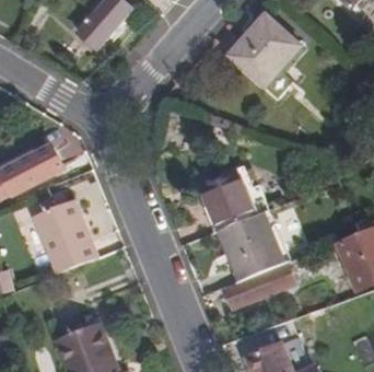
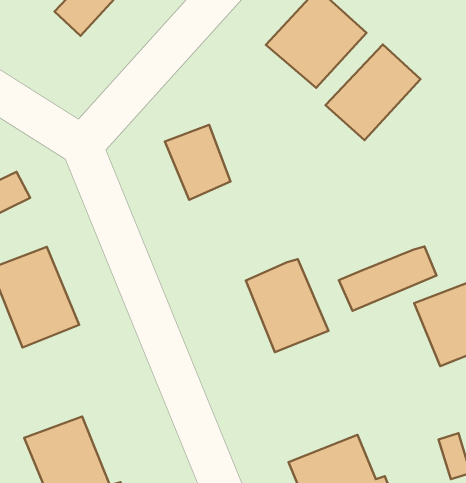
building: none -> [325,44,420,140]
building: [198,171,245,224] -> [165,125,231,200]
building: [221,258,291,304] -> [339,247,437,311]

